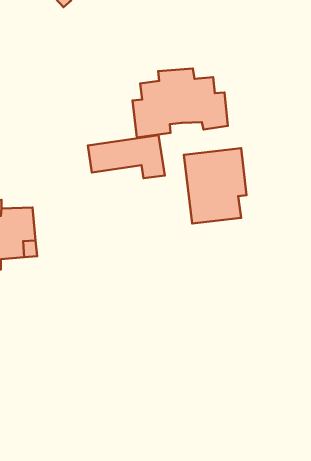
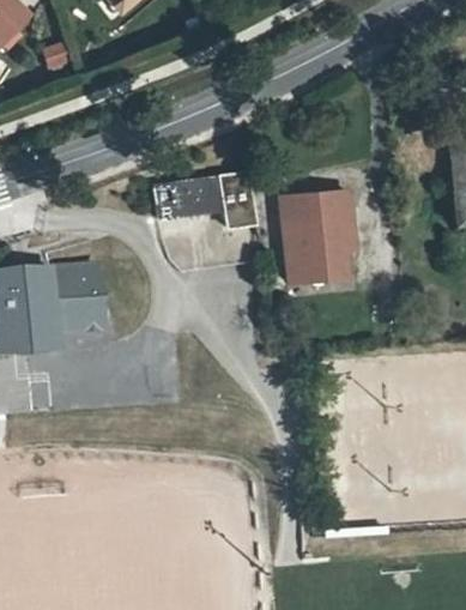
building: [132,68,228,137] -> none

